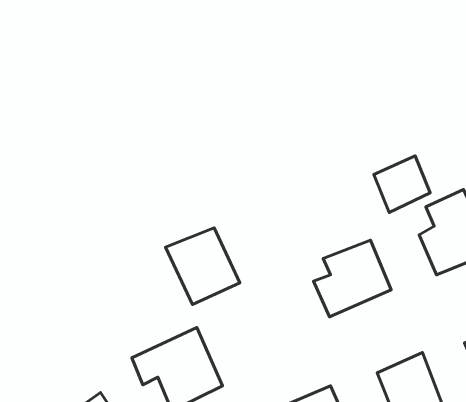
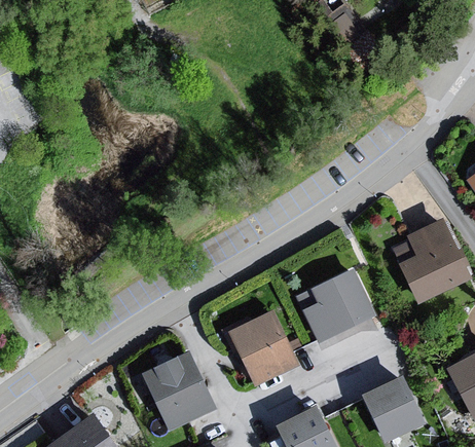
building: [374,156,430,212] -> none
building: [165,228,240,305] -> [227,311,298,384]

